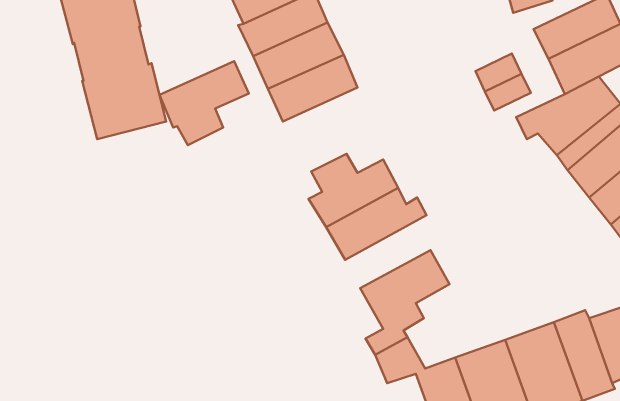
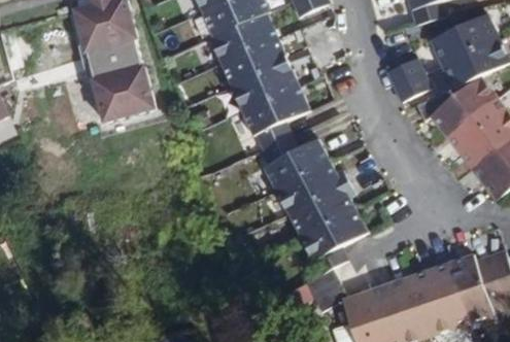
building: [160,61,249,145] -> [241,83,309,147]
building: none -> [288,180,356,236]

